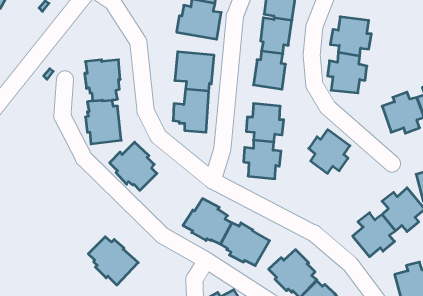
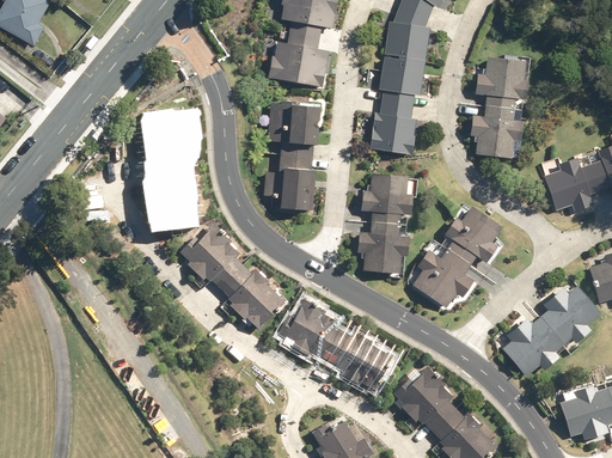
building: none -> [415,249,475,307]
building: [88,237,138,285] -> [220,265,287,330]

